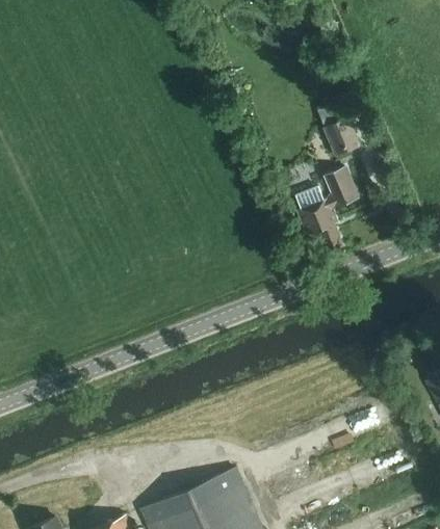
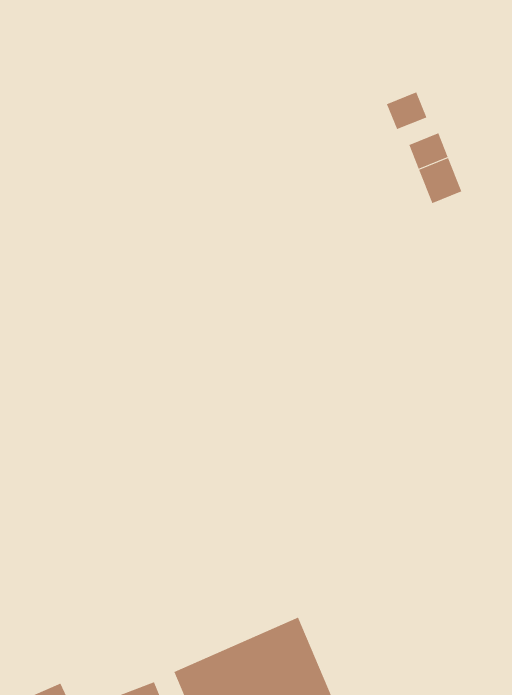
building: none -> [386,92,427,130]
building: [296,168,360,254] -> none

